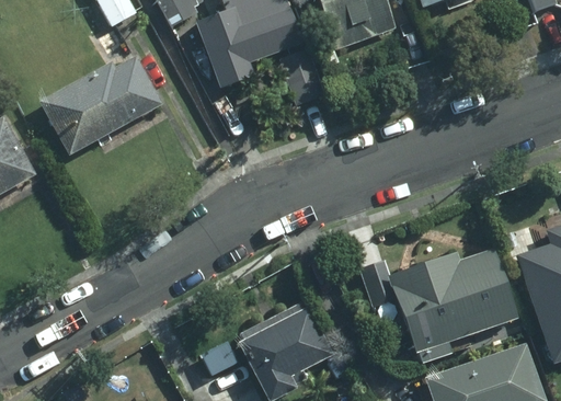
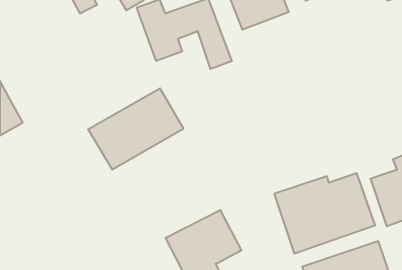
building: [36,47,167,158] -> [88,88,183,169]

